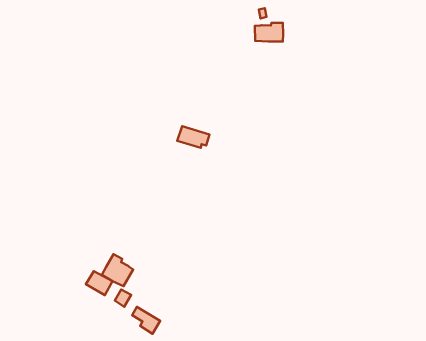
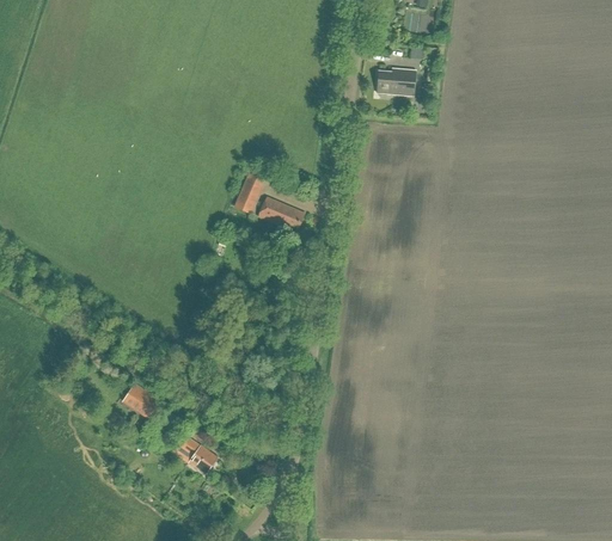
building: none -> [233,172,265,213]
building: [102,254,133,286] -> none

